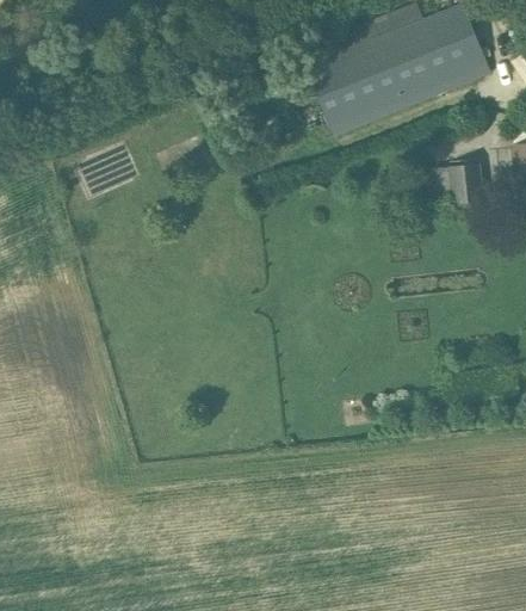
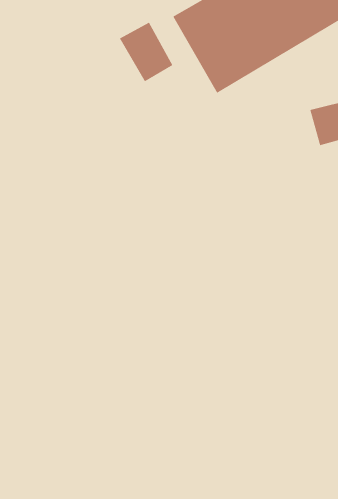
building: none -> [119,22,173,82]

